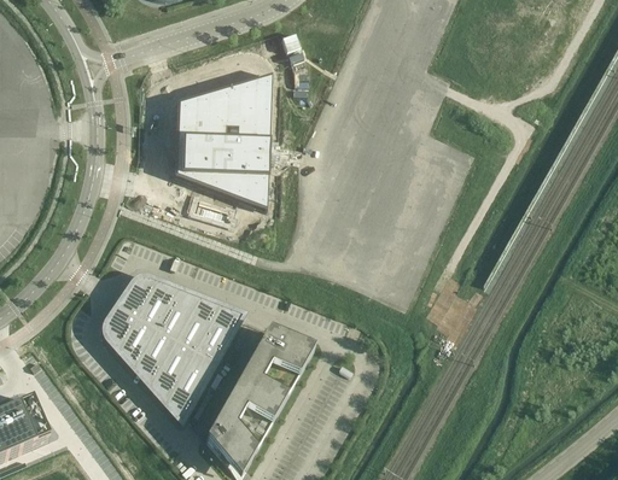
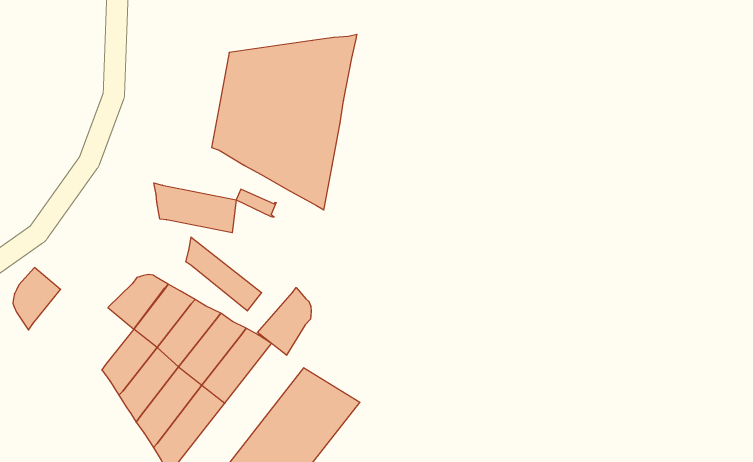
building: none -> [154,183,236,233]
building: none -> [186,237,262,311]
building: none -> [257,288,311,355]
building: [104,305,138,352] -> [13,268,61,330]

